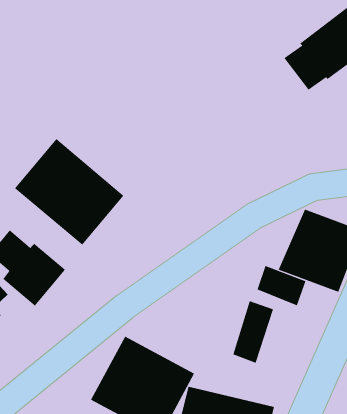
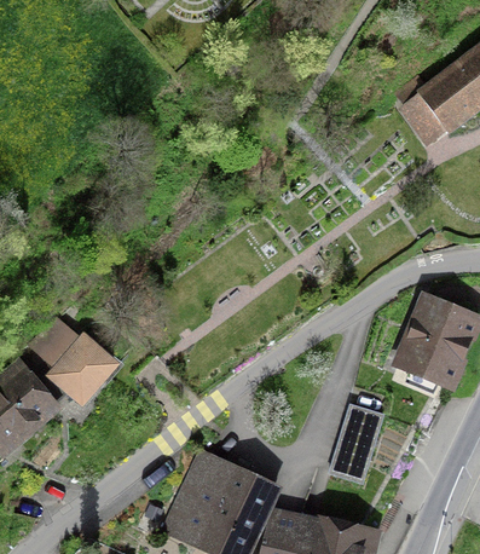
building: [14,138,124,246] -> none
building: [257,265,306,306] -> none

